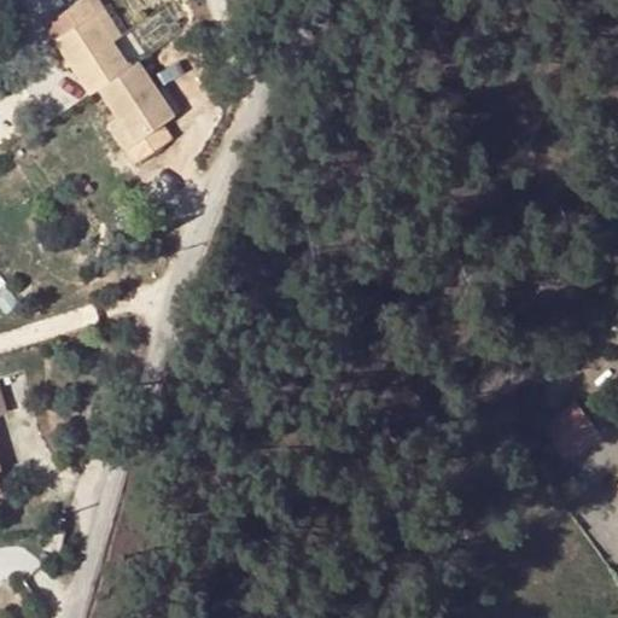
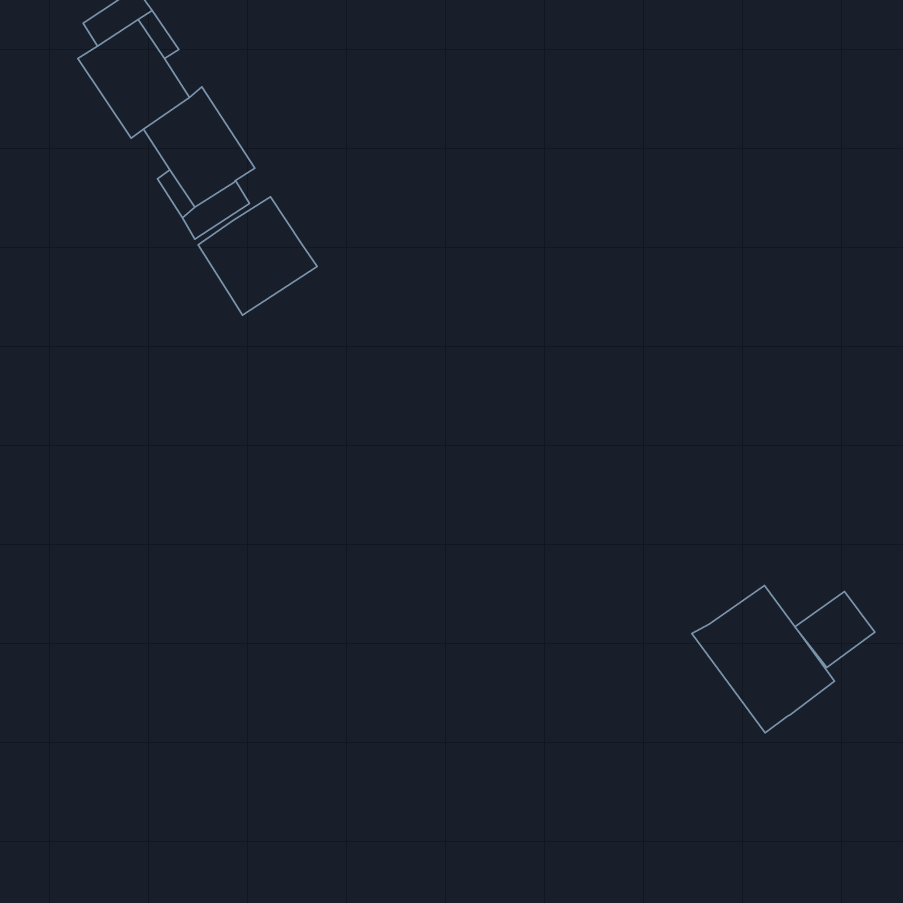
building: none -> [198,197,317,315]
building: none -> [692,586,835,733]

